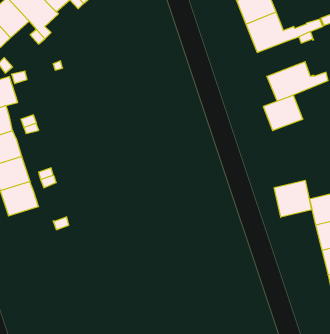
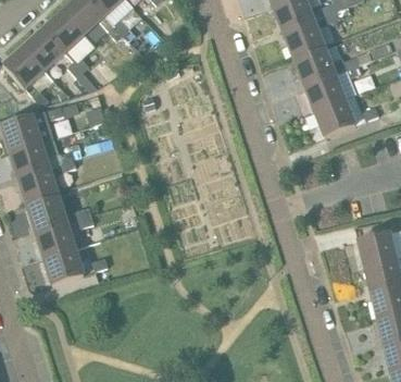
building: [263,95,303,131] -> [303,73,344,110]
building: [274,180,312,217] -> none
building: none -> [43,246,83,284]

